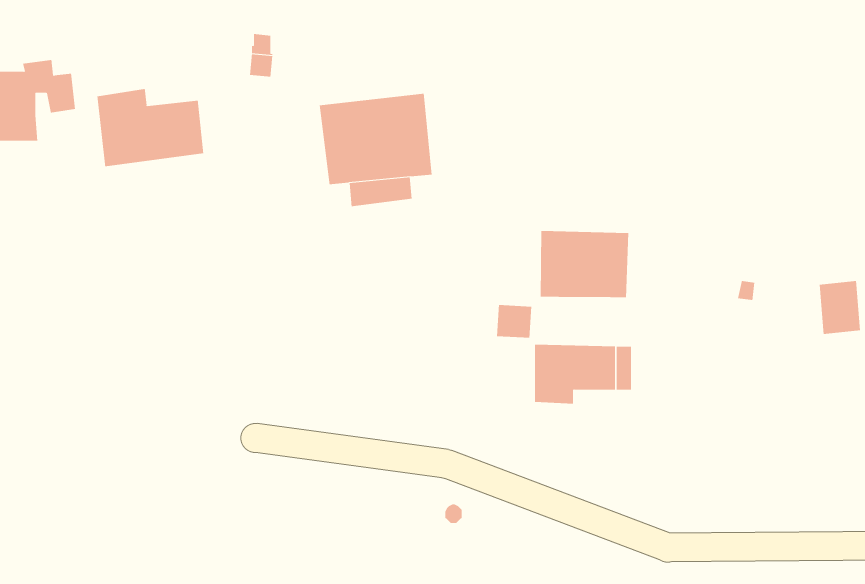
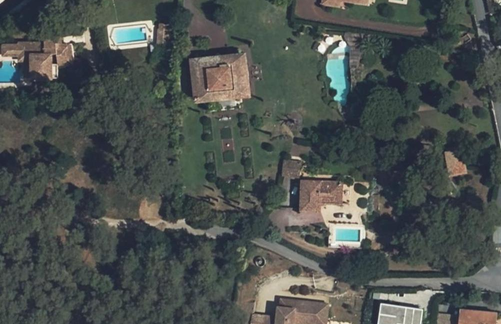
building: [97,88,204,167] -> none
building: [540,230,629,298] -> none

